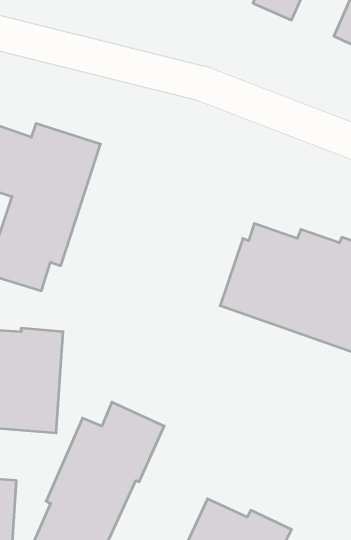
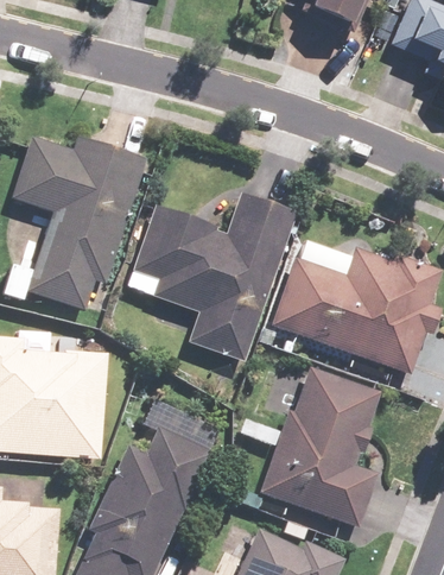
building: none -> [127,191,297,362]
building: none -> [259,366,381,526]

